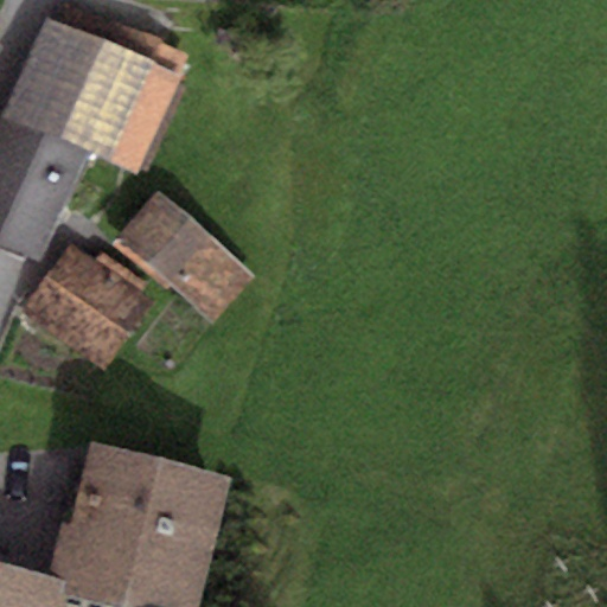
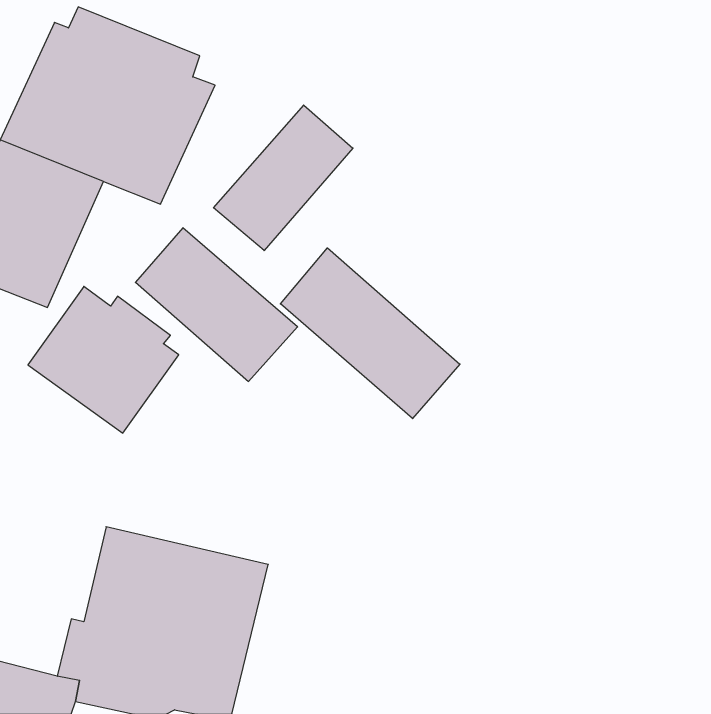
building: none -> [214,105,353,251]
building: none -> [280,248,460,419]

